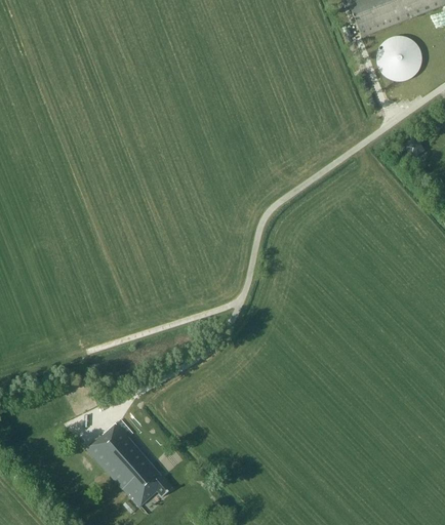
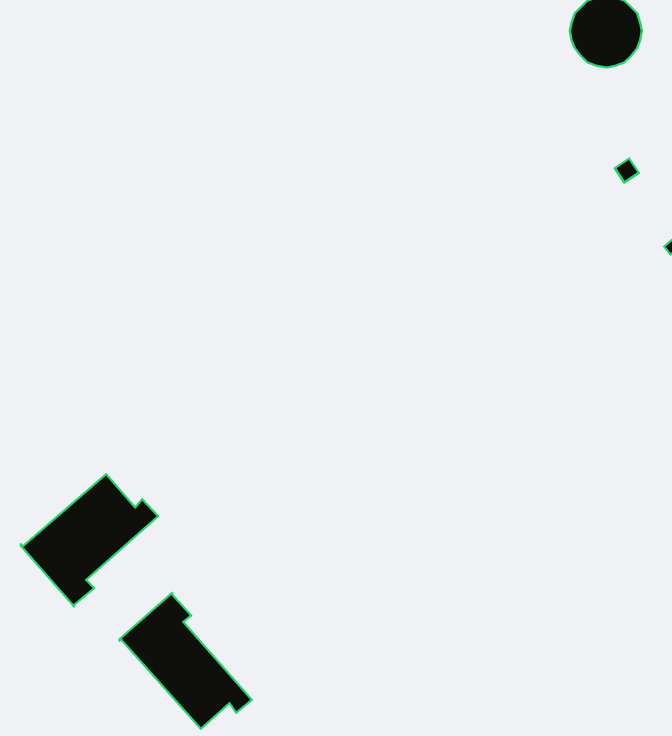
building: none -> [21,474,158,607]

